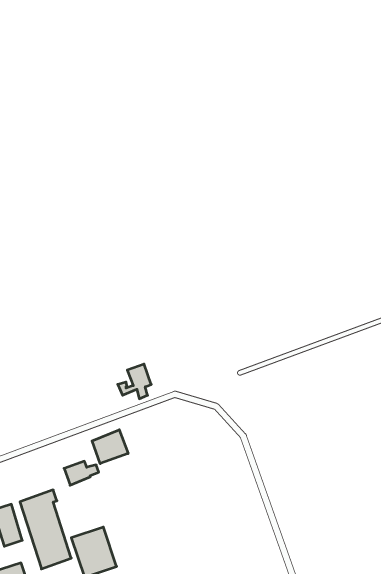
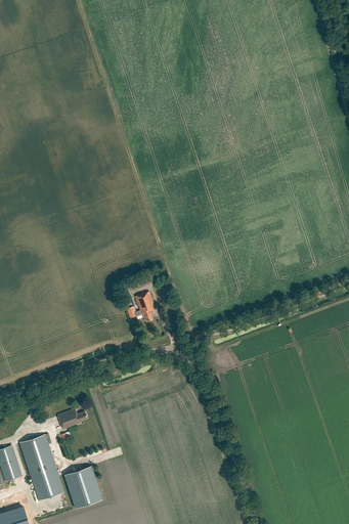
building: [118,364,151,399] -> [127,293,156,322]
building: [92,430,128,464] -> none

